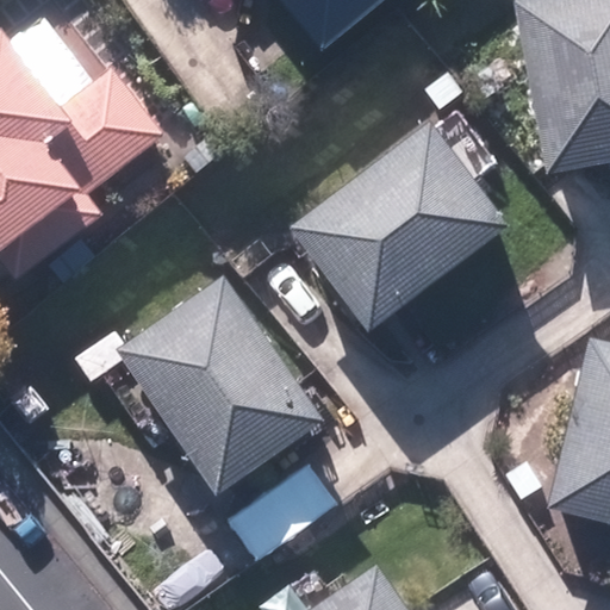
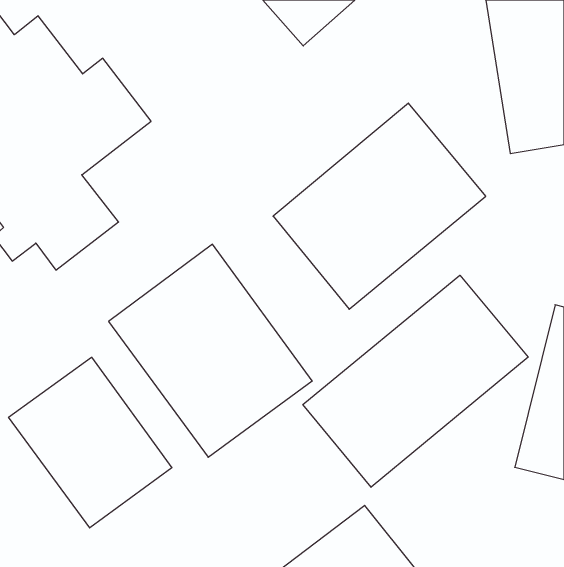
building: none -> [303,275,528,487]
building: none -> [9,357,172,528]

